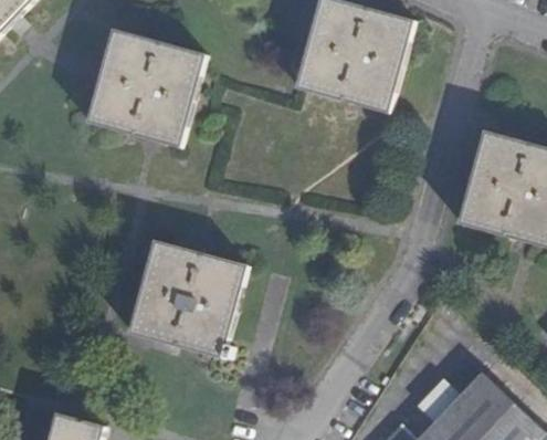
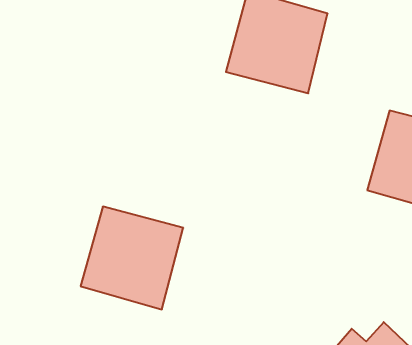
building: [88,30,204,147] -> none

